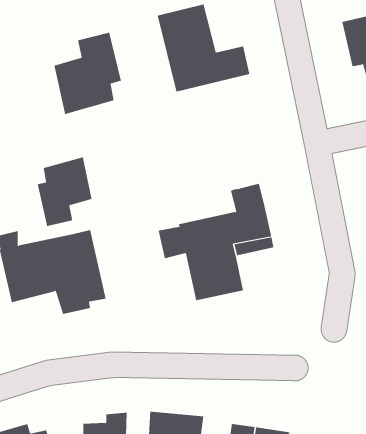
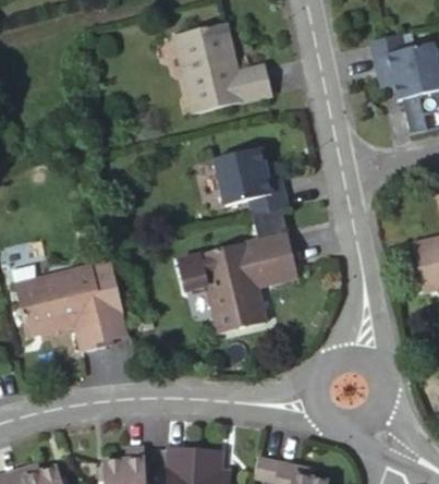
building: [54,32,122,115] -> none
building: none -> [216,146,290,217]
building: [37,156,92,227] -> none

